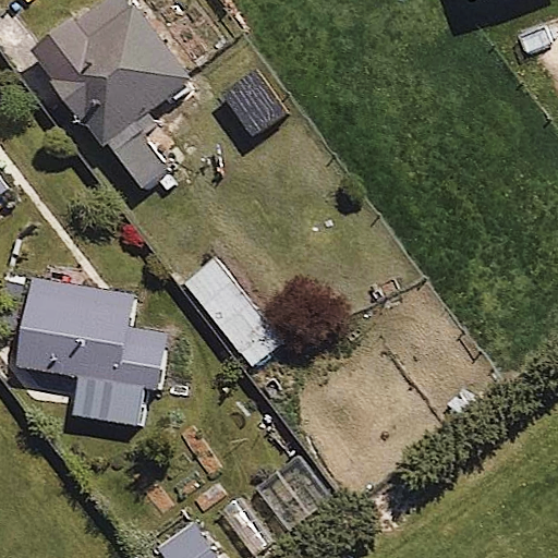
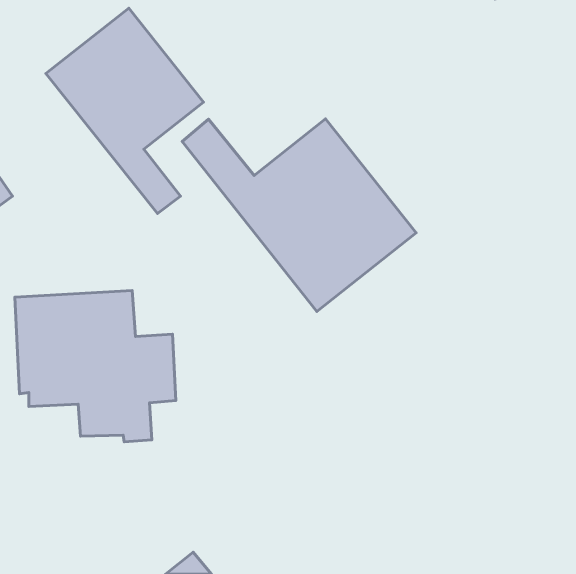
building: none -> [182,119,416,312]

